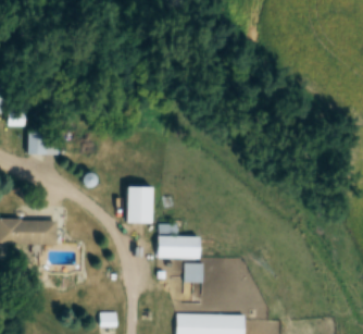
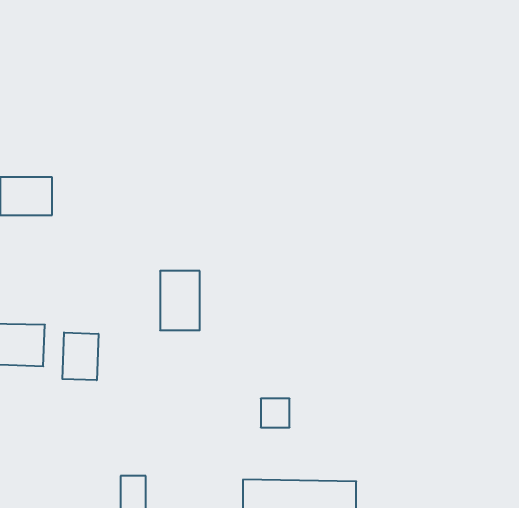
building: none -> [62,332,98,380]
building: [157,228,200,259] -> none

